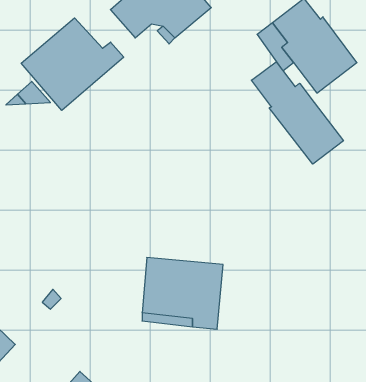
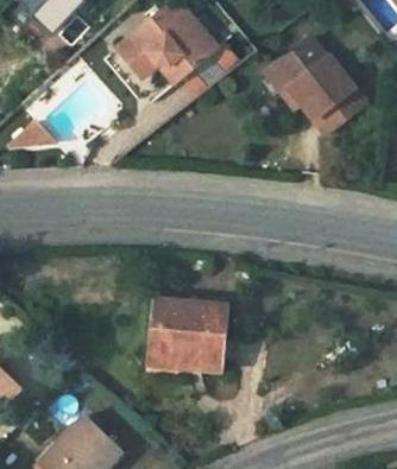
building: [21,18,124,110] -> none
building: [251,62,343,164] -> none

